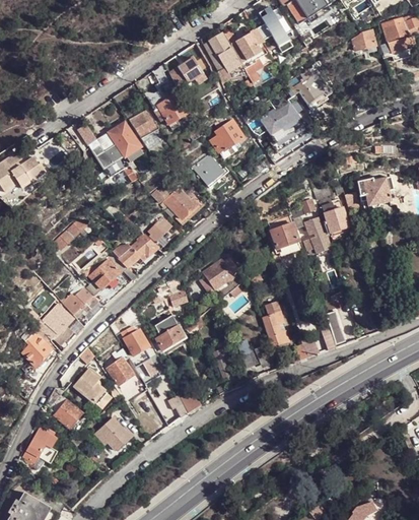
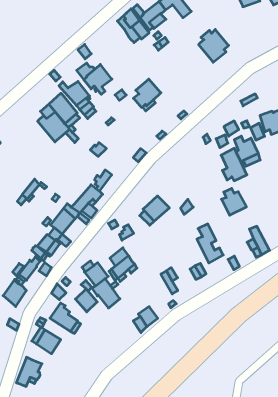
building: [169,58,207,89] -> none
building: [260,103,302,143] -> none
building: [194,154,224,185] -> none
building: [165,187,196,218] -> none
building: [270,217,298,249] -> [221,188,246,215]
building: [92,417,133,450] -> none

